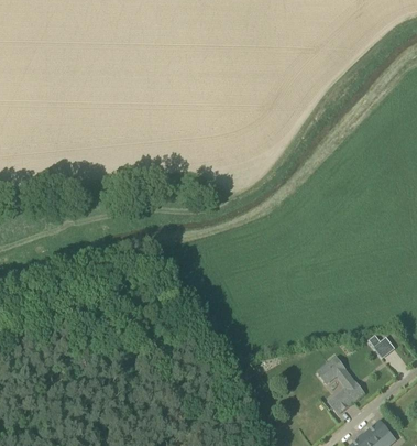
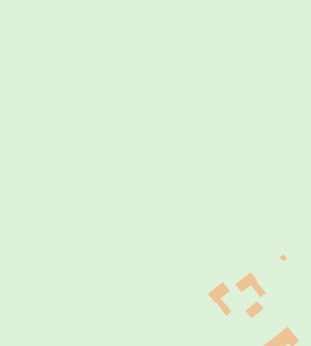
building: none -> [207,281,232,317]

